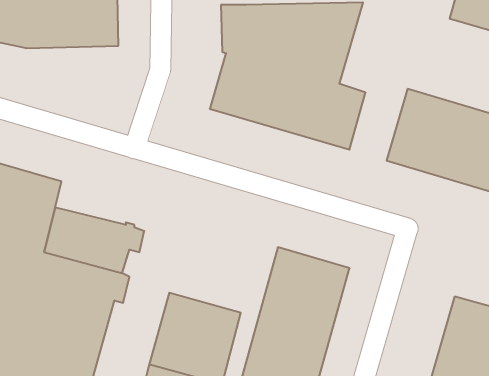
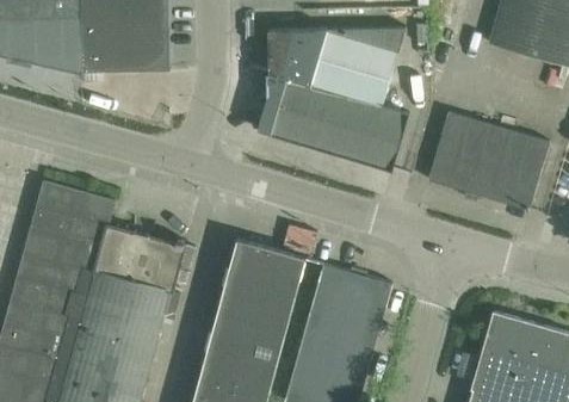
building: none -> [218,239,307,327]

